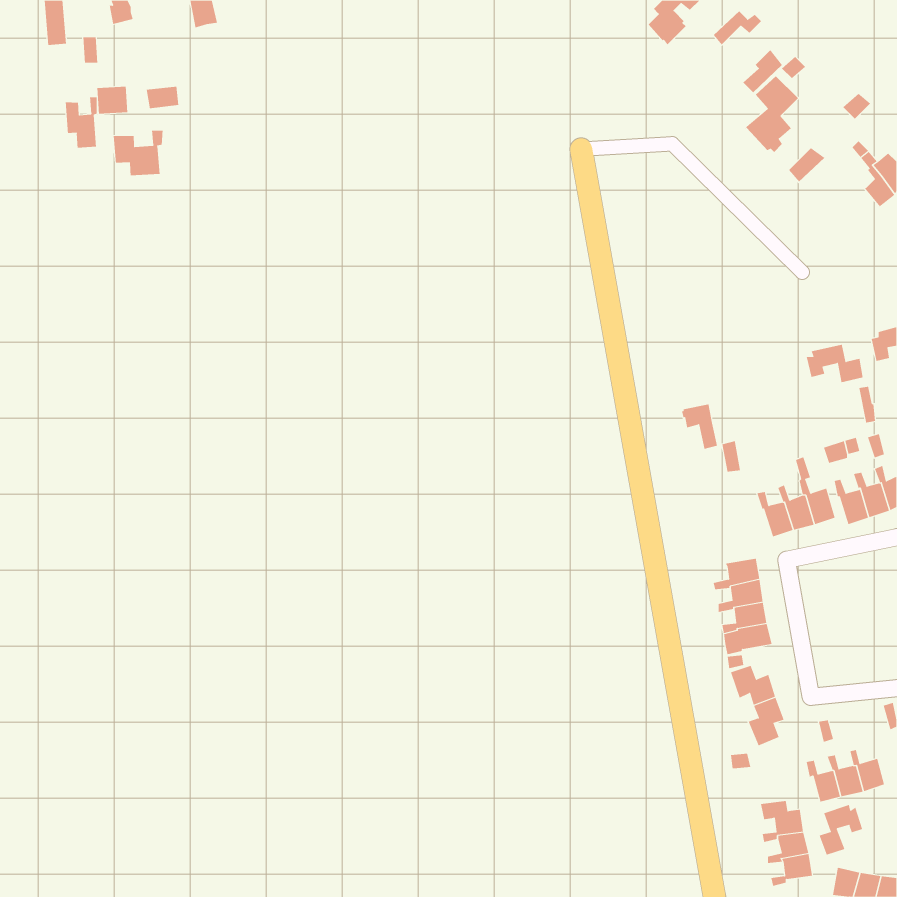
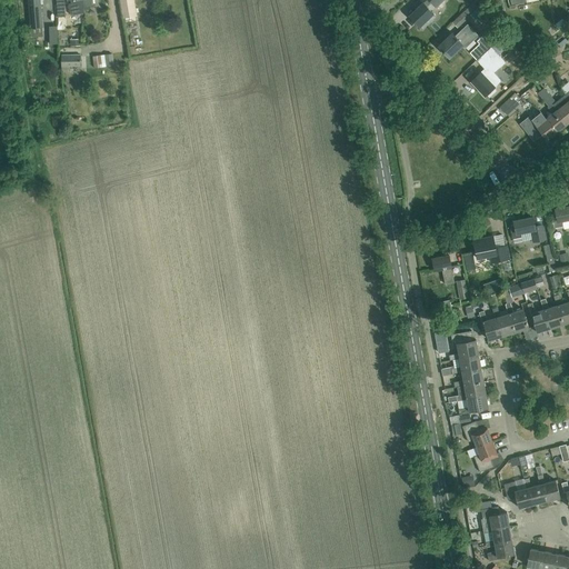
building: none -> [439,26,478,58]
building: [65,97,97,148] -> none
building: [113,130,163,176] -> none
building: none -> [521,111,557,140]
building: none -> [473,236,509,262]
building: none -> [449,331,479,360]
building: [819,804,863,856] -> none

